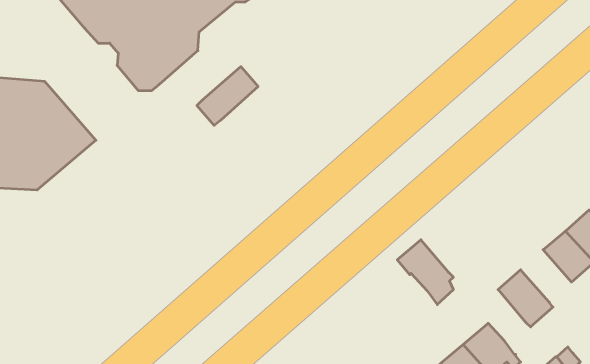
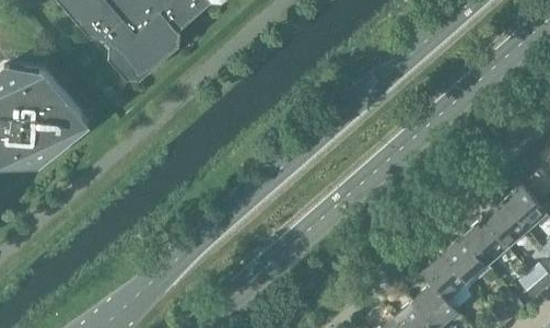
building: [197,67,258,125] -> none
building: [397,240,453,305] -> [422,255,471,312]
building: none -> [463,220,507,266]

